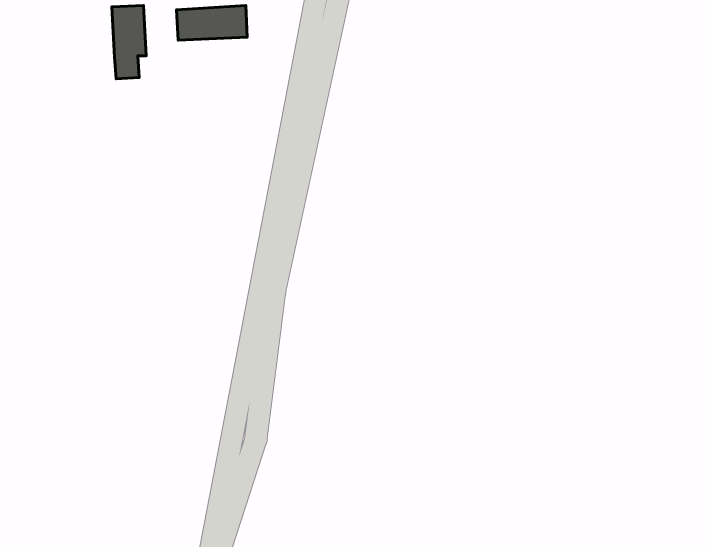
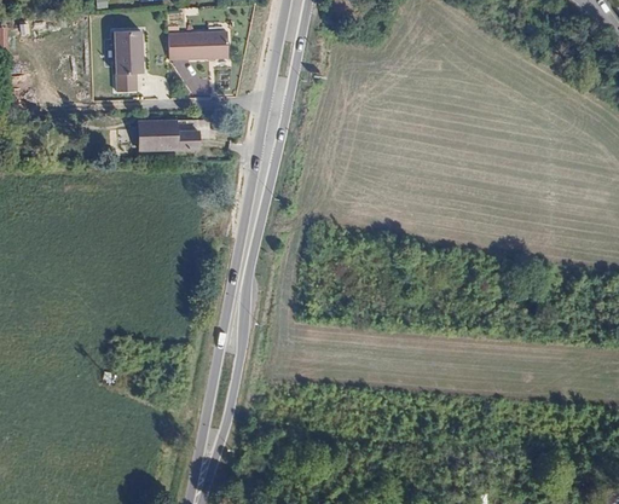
building: none -> [140,118,199,147]

